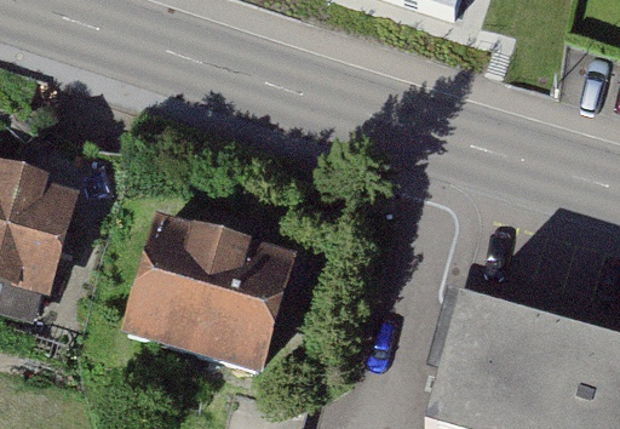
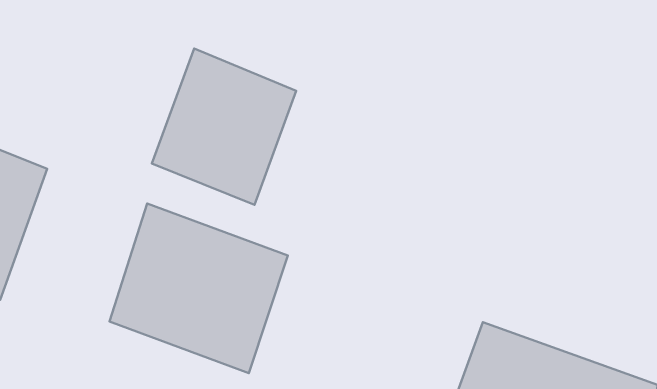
building: none -> [152,49,296,205]

